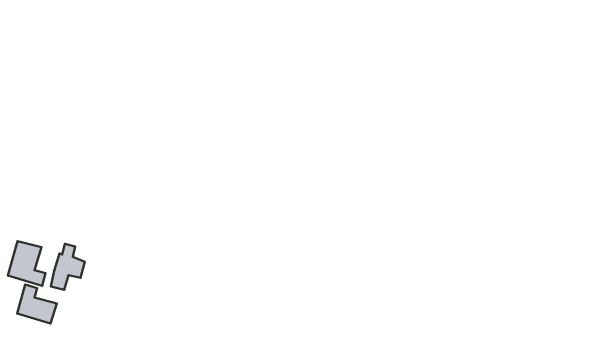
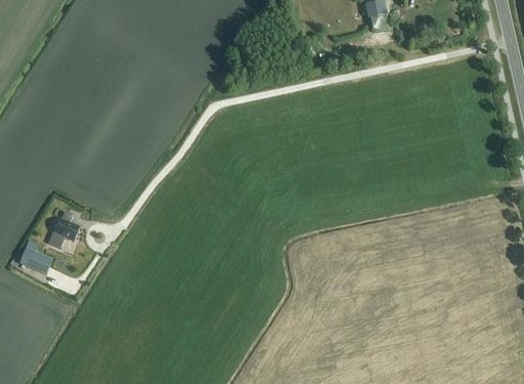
building: [8,241,46,286] -> none

